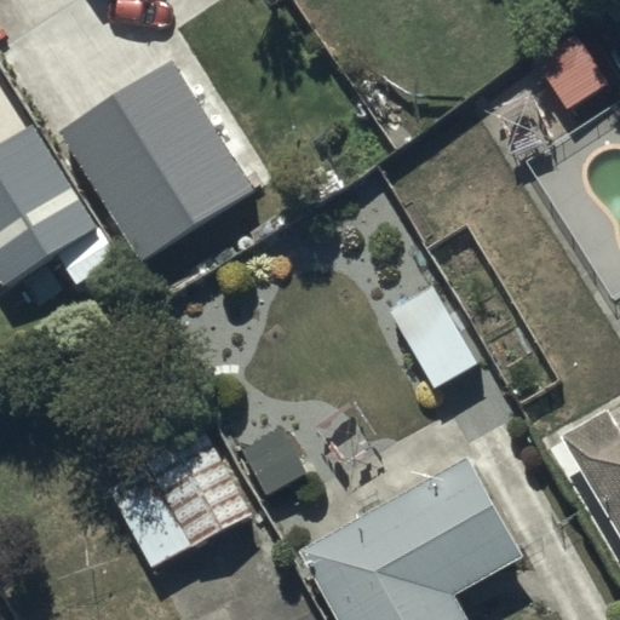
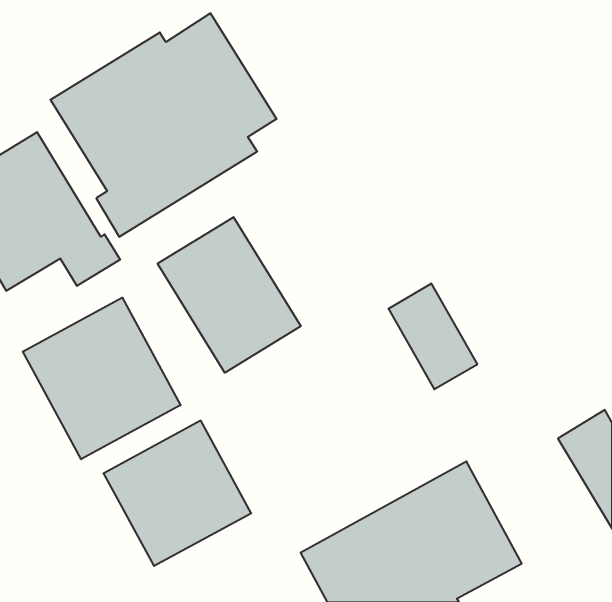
building: none -> [158,217,301,373]
building: none -> [23,298,181,459]

